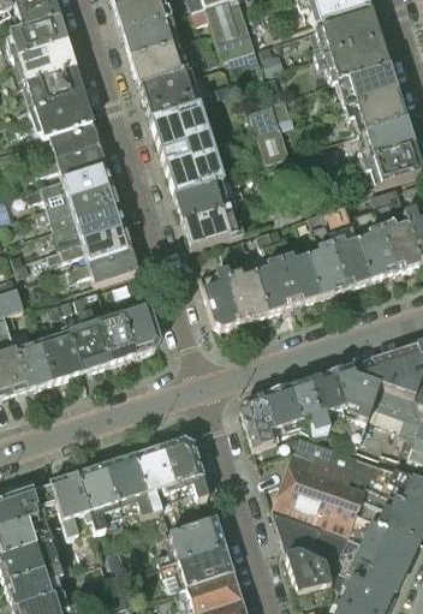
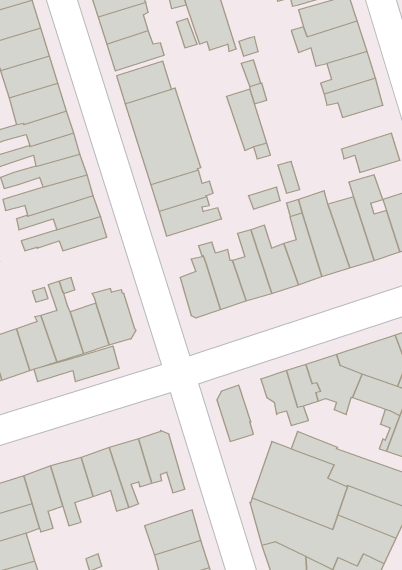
building: [358,118,412,161] -> none
building: [54,248,138,282] -> [34,346,119,382]
building: [262,387,302,433] -> none

